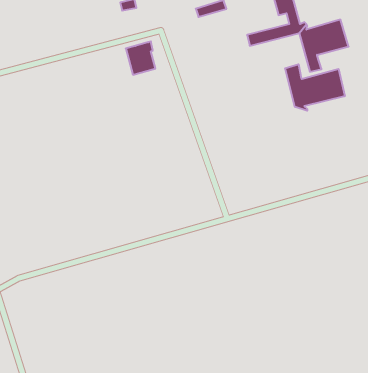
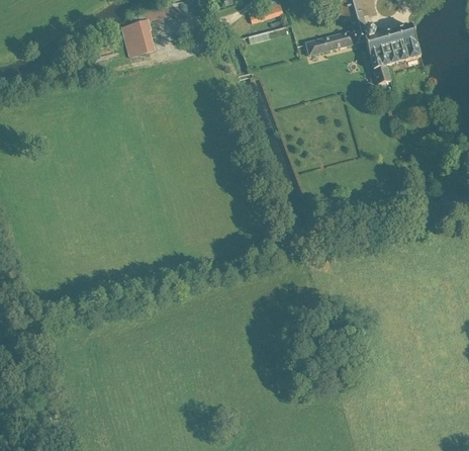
building: [126,41,155,75] -> [121,19,155,57]
building: [285,64,345,111] -> none

